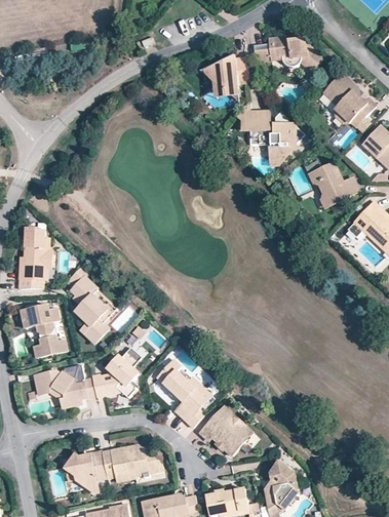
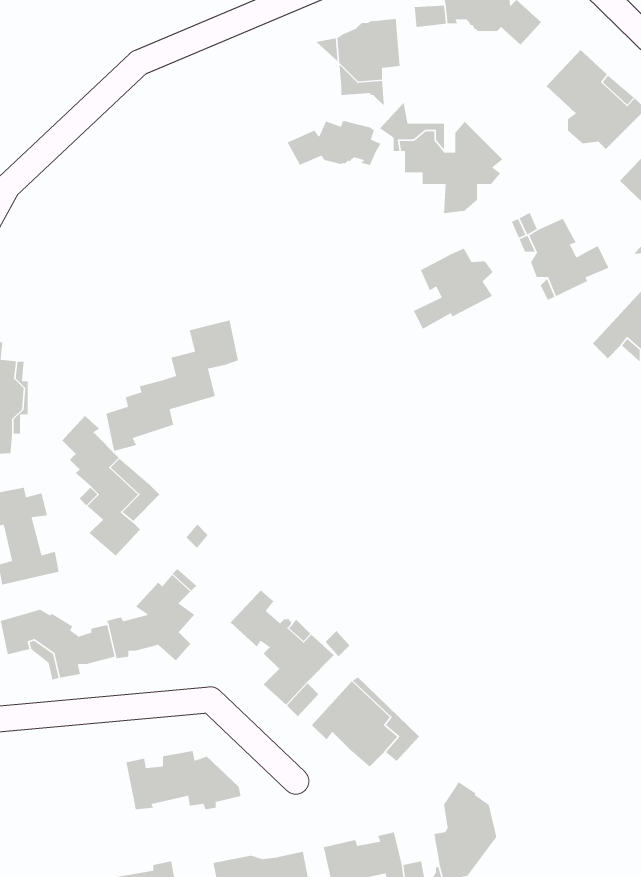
building: none -> [287,120,382,166]
building: none -> [413,248,493,330]
building: none -> [105,319,239,452]
building: [63,448,106,486] -> none

